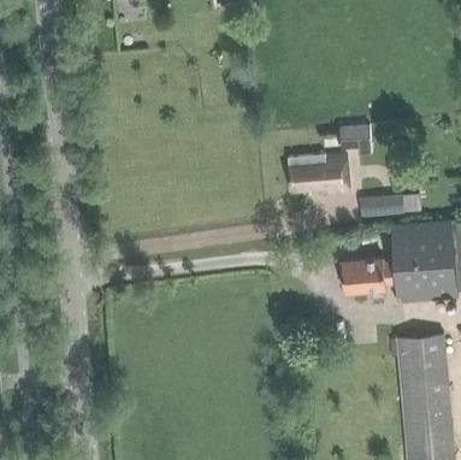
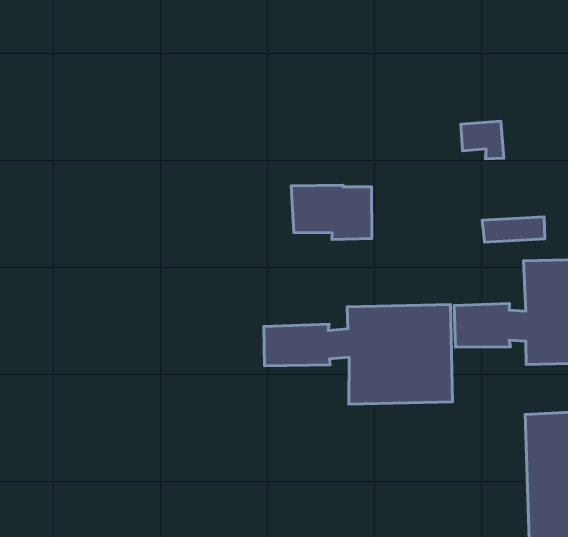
building: [285,155,345,195] -> [291,185,372,240]
building: none -> [264,305,452,404]

